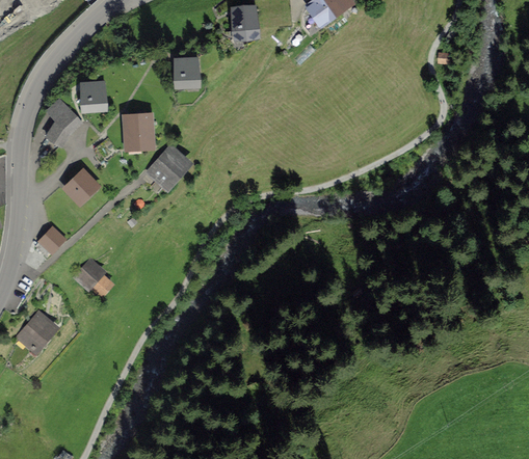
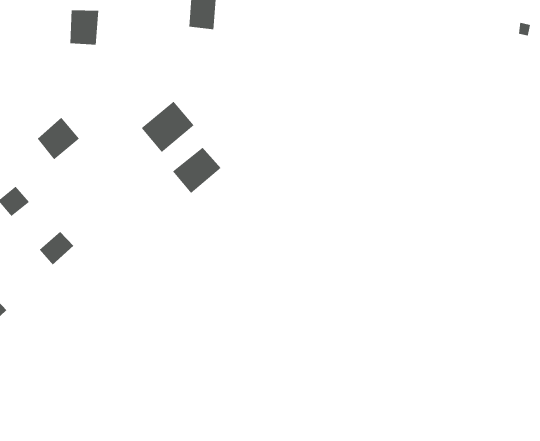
building: [48,101,82,147] -> none
building: [124,117,149,148] -> none
building: none -> [172,147,221,194]

